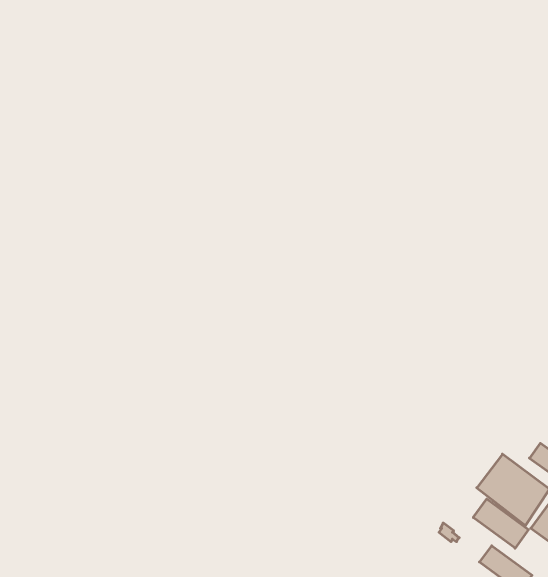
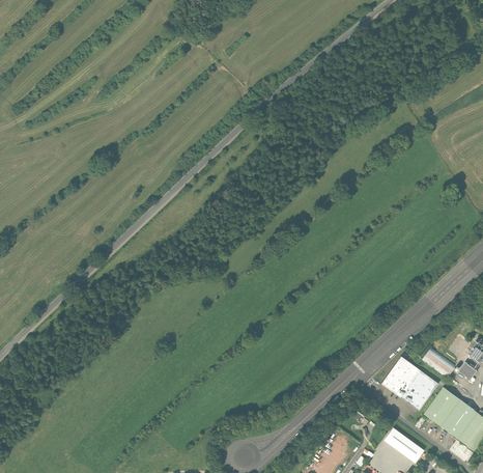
building: [473,499,528,548] -> none

